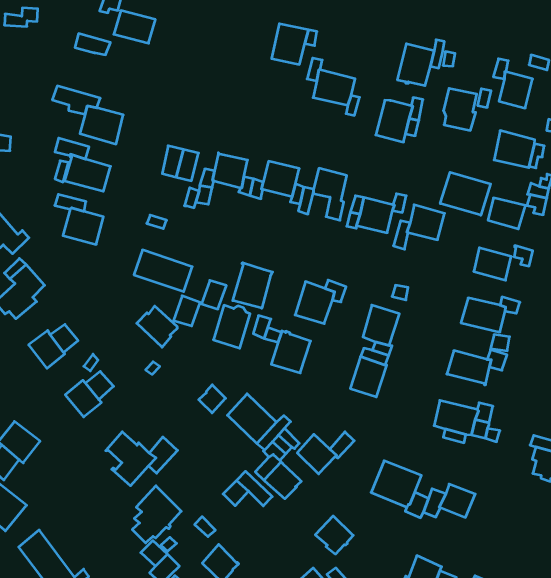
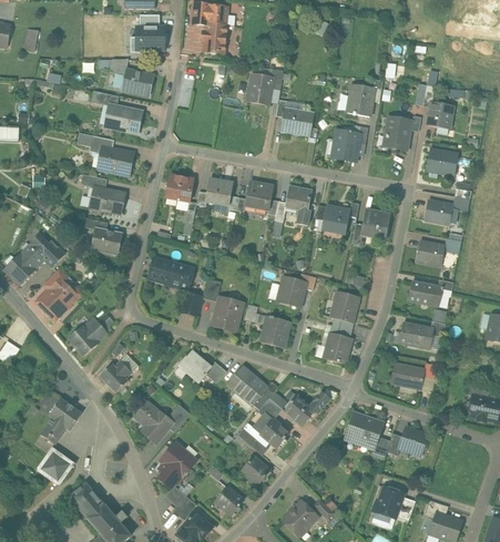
building: none -> [106,104,141,132]
building: [440,172,491,215] -> none
building: [233,263,273,308] -> none
building: [137,306,177,347] -> [177,350,210,382]
building: [315,516,353,554] -> [239,456,269,485]

